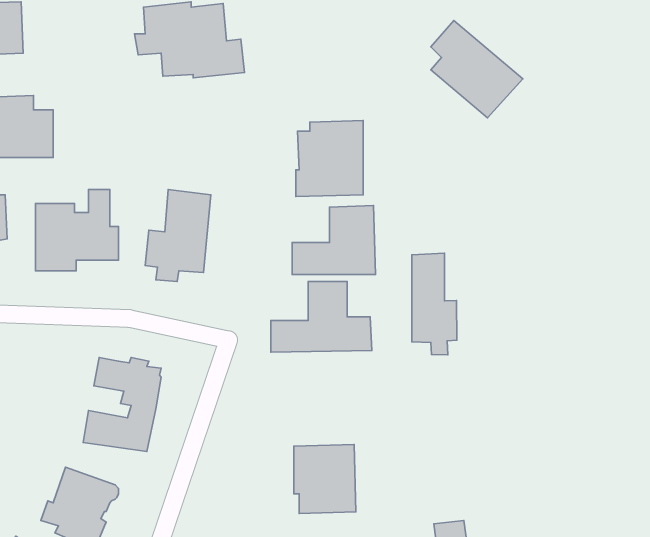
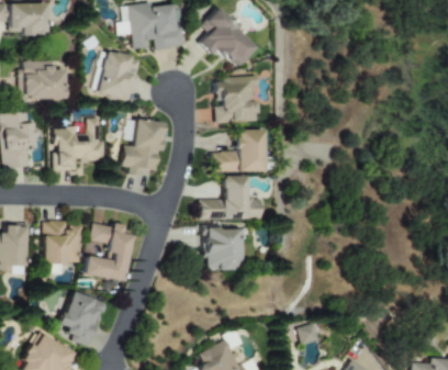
building: [431,20,523,118] -> [201,9,258,69]
building: none -> [93,51,142,100]
building: [412,253,457,355] -> none
building: none -> [44,221,85,265]
building: [294,444,356,513] -> [204,227,243,270]

